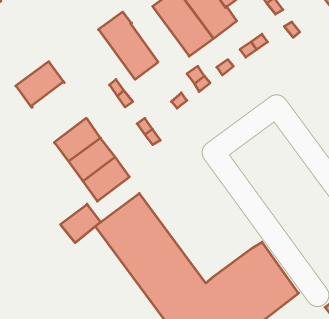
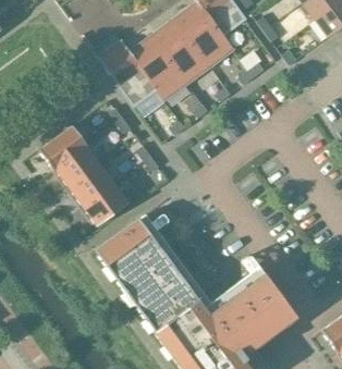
building: none -> [130,35,187,100]
building: [16,62,64,107] -> [39,125,87,170]
building: [61,204,101,243] -> none

